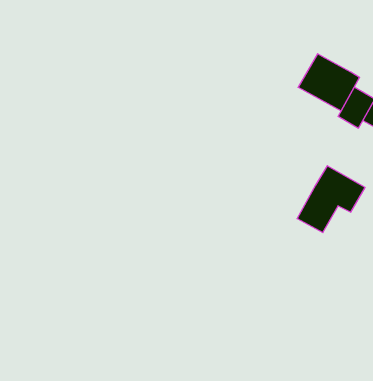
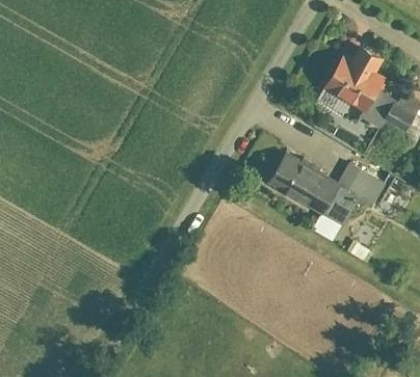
building: none -> [347,44,382,74]
building: none -> [266,153,338,215]

